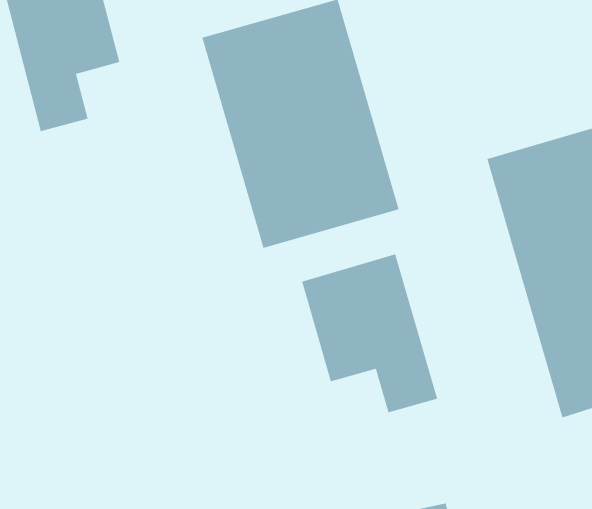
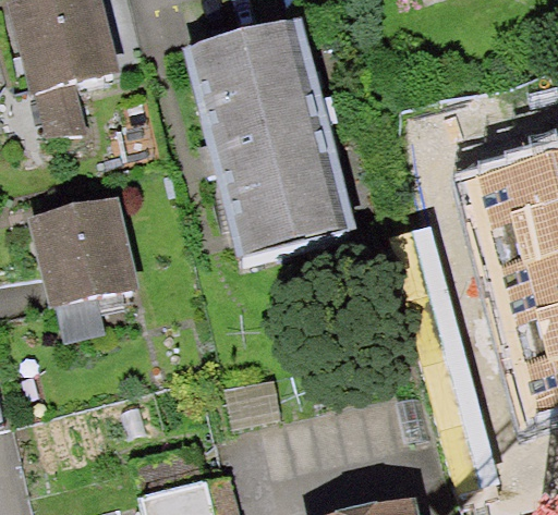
building: none -> [31,192,143,335]
building: [301,254,438,413] -> none

